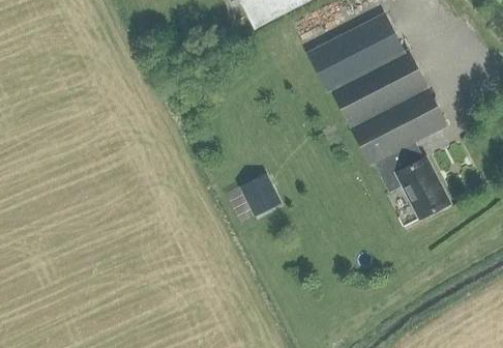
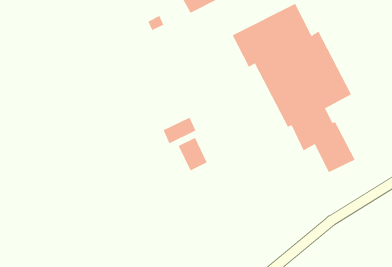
building: none -> [163,117,196,144]

